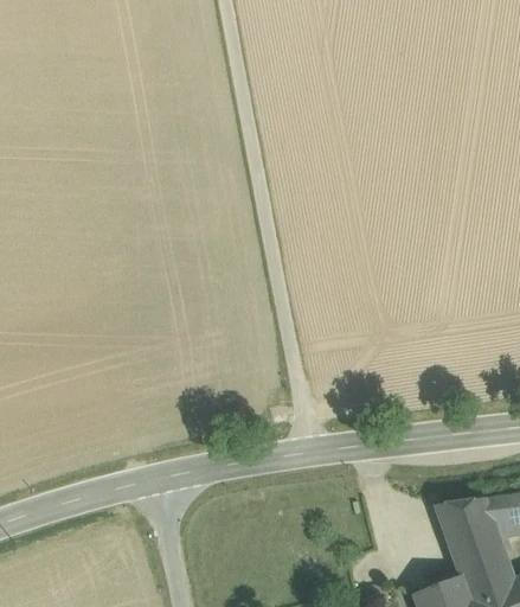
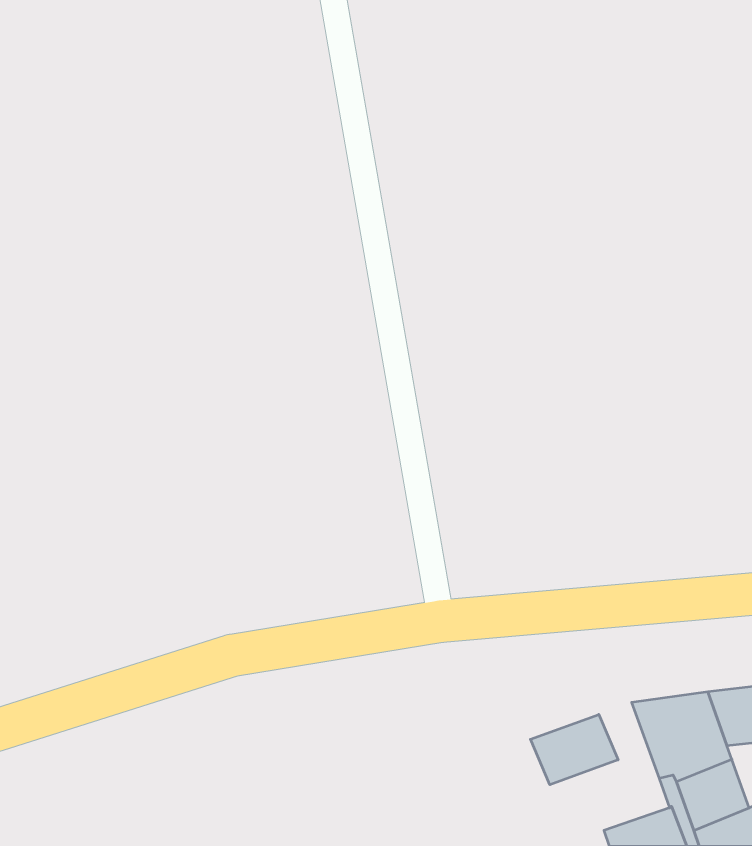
building: none -> [530,714,618,785]

